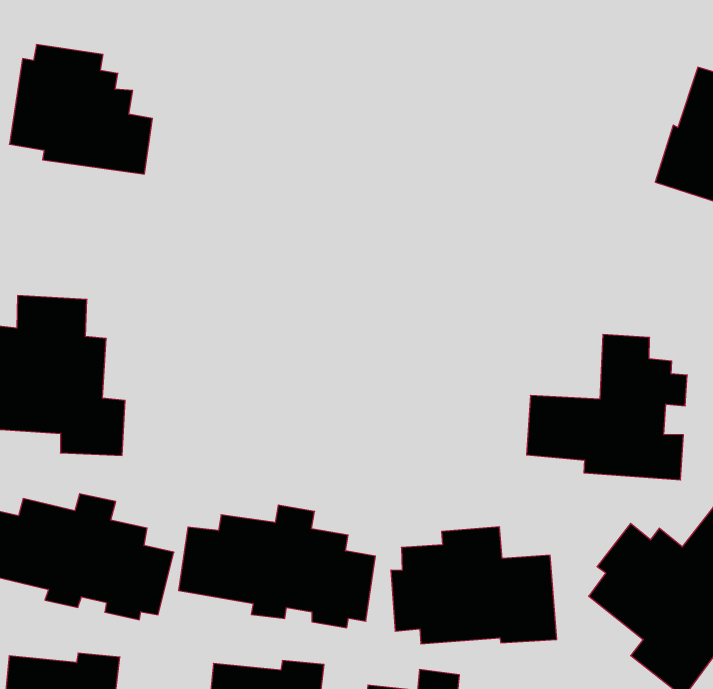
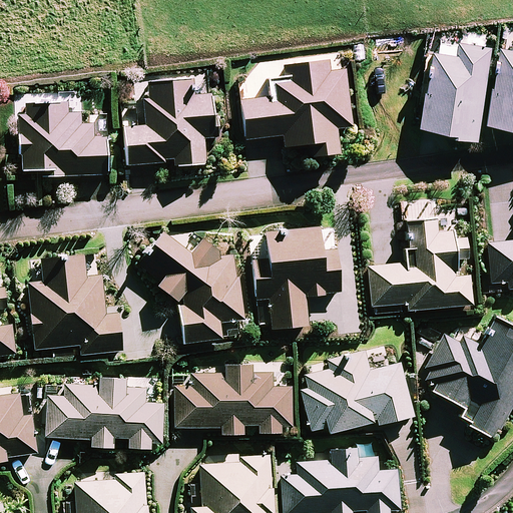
building: none -> [128,82,214,165]
building: none -> [242,59,350,155]
building: none -> [140,233,241,343]
building: none -> [252,229,340,329]

